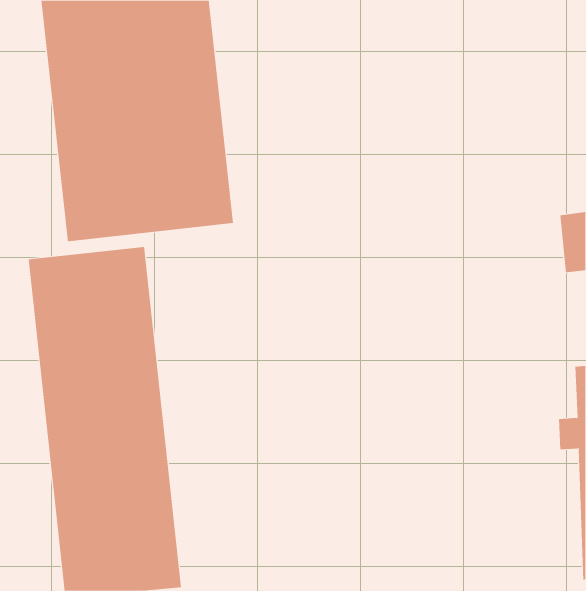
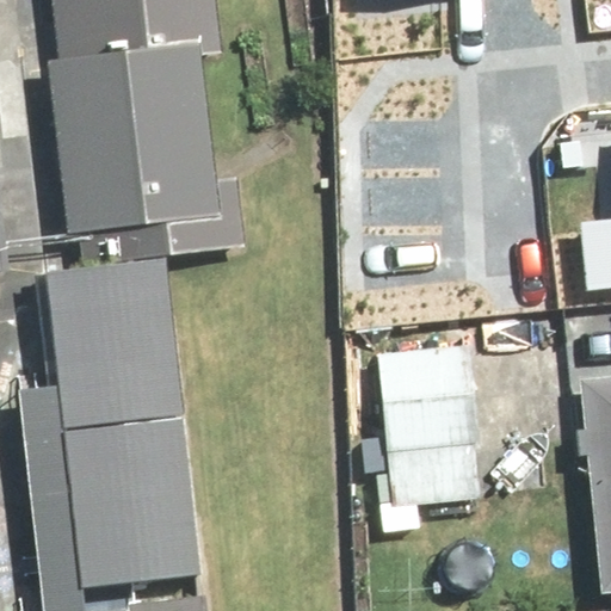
building: none -> [388,351,485,512]

